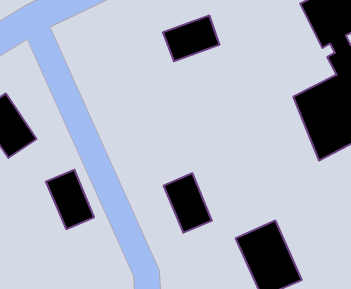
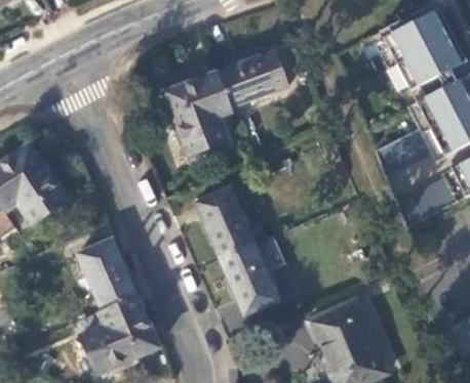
building: none -> [167,72,234,154]
building: none -> [197,187,256,257]
building: none -> [81,295,158,373]

